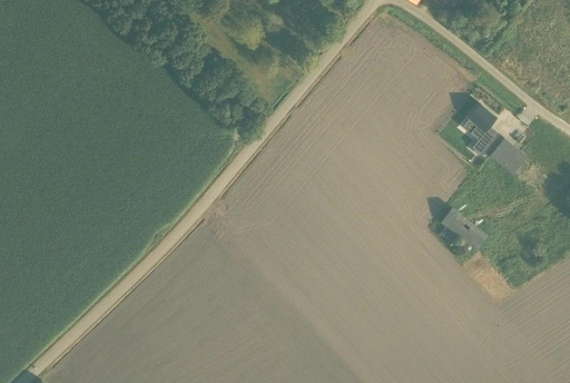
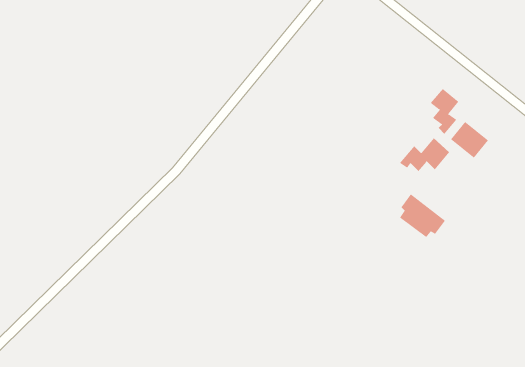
building: none -> [399,138,450,172]

